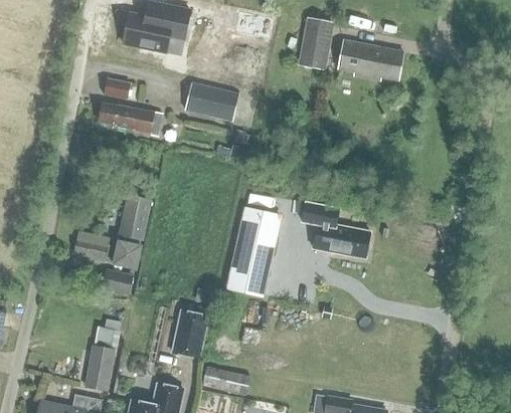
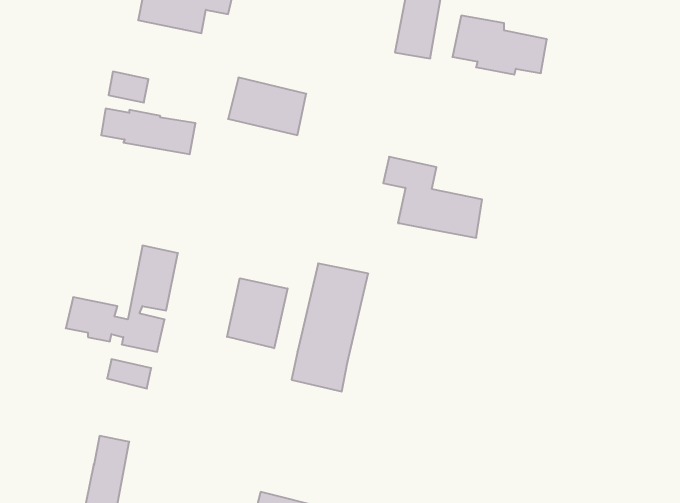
building: [302,202,369,257] -> [383,157,482,238]
building: none -> [227,278,288,348]
building: [171,308,207,358] -> none

